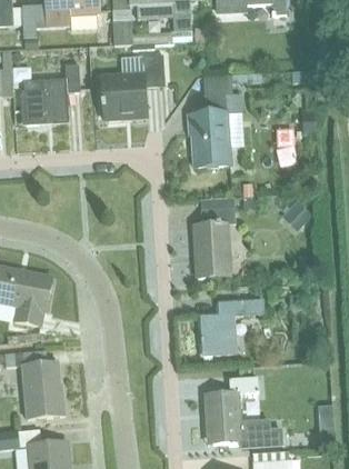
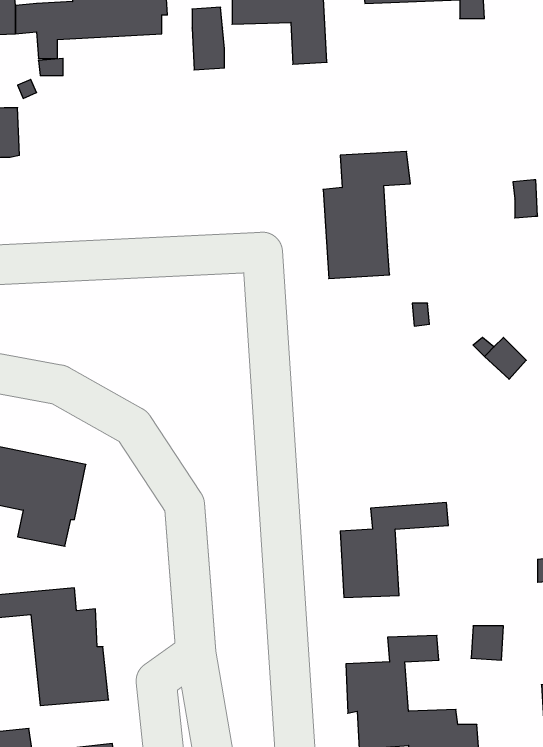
building: [100,56,163,121] -> none
building: [22,63,78,124] -> none
building: [192,198,233,277] -> none

